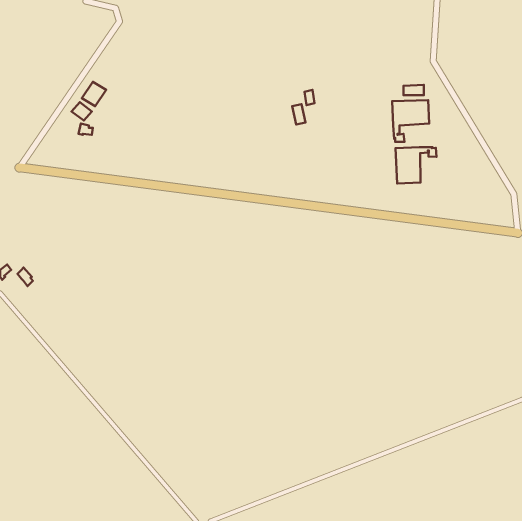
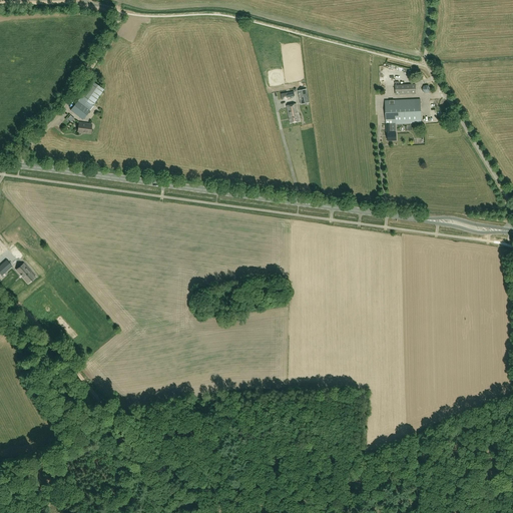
building: [395,147,436,183] -> none

